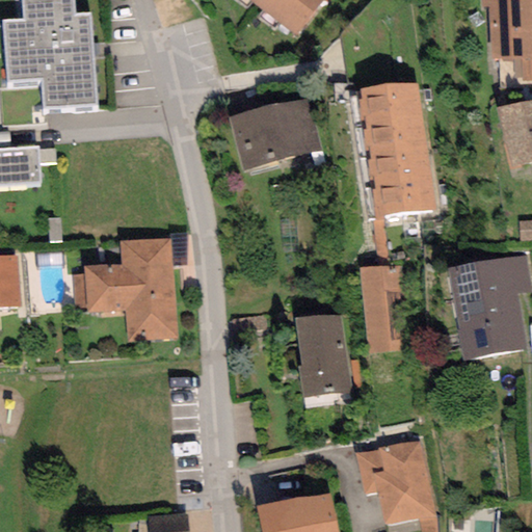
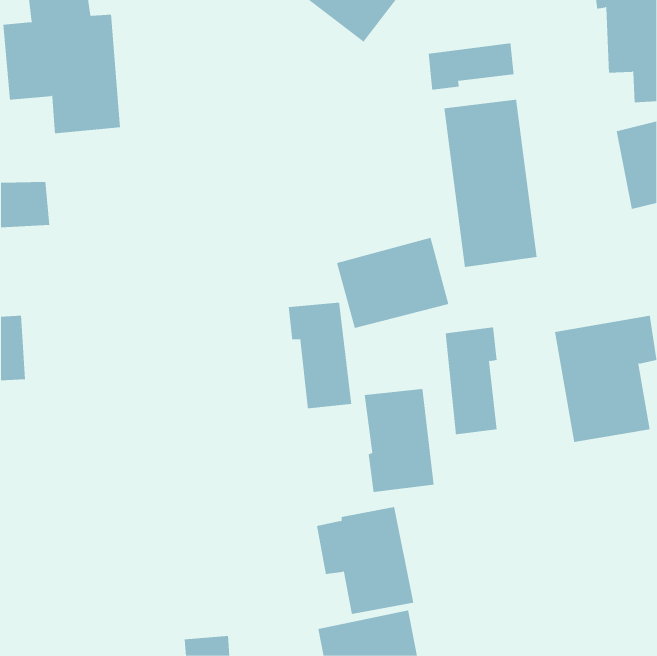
building: none -> [428,42,514,90]
building: [230,96,321,169] -> [336,237,449,329]
building: [72,237,178,341] -> none
building: none -> [288,302,352,409]
building: [356,437,435,525] -> [316,506,414,615]

